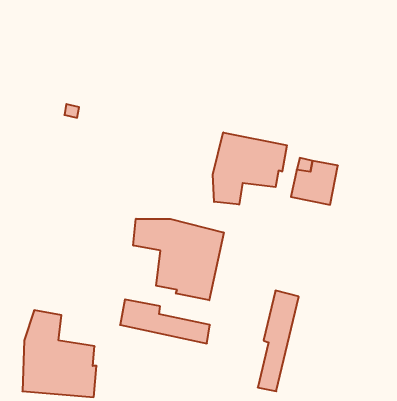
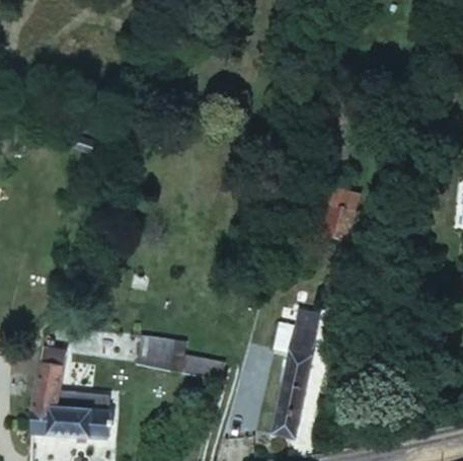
building: [213,132,287,205] -> none
building: [133,219,224,300] -> none

